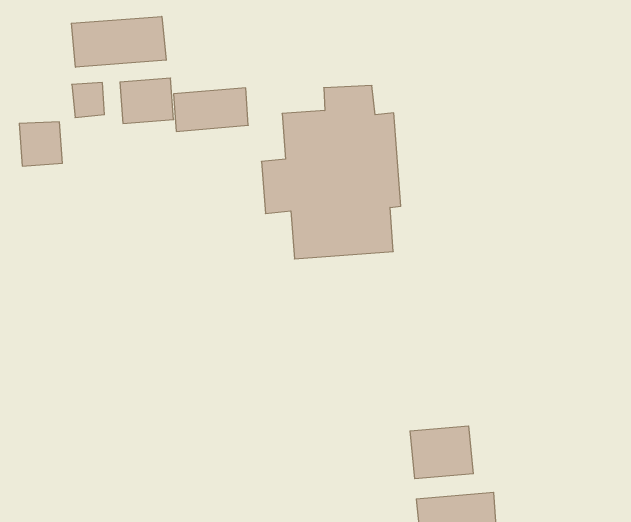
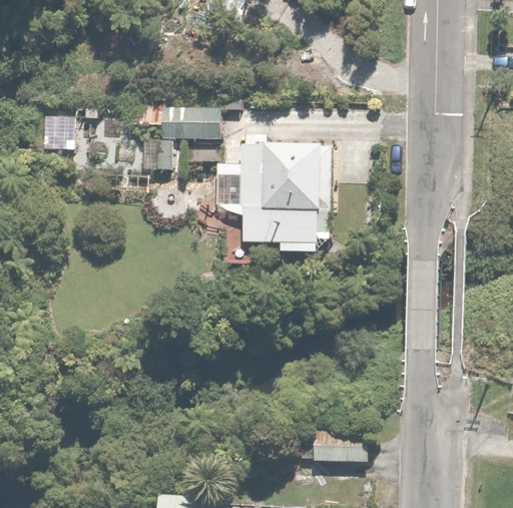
building: [71,16,166,67] -> none
building: [410,426,473,479] -> none

